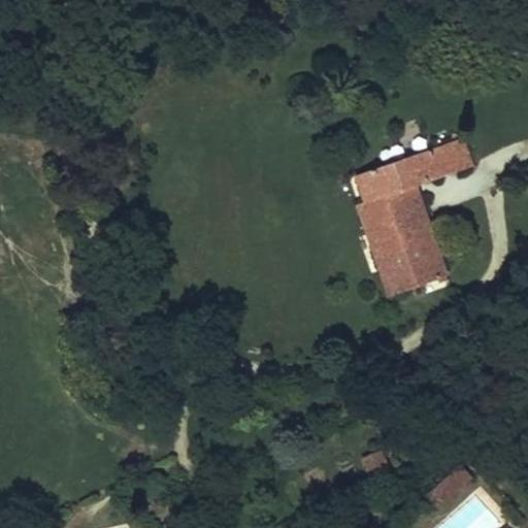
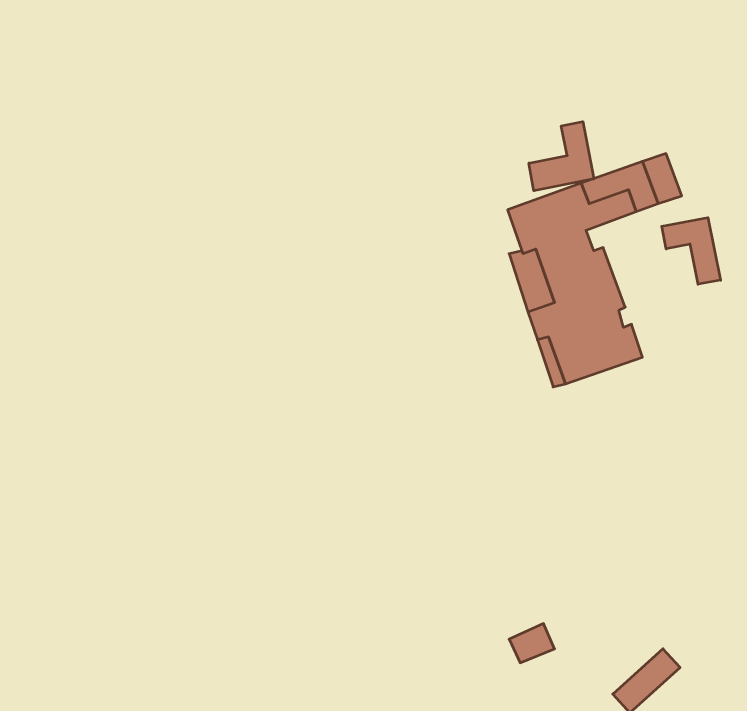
building: none -> [529,122,594,191]
building: none -> [662,218,721,284]

